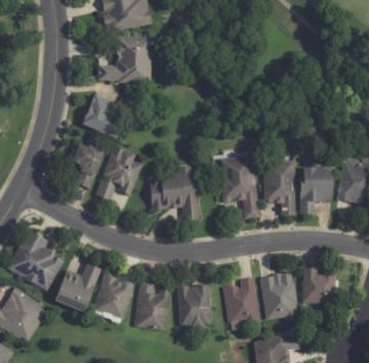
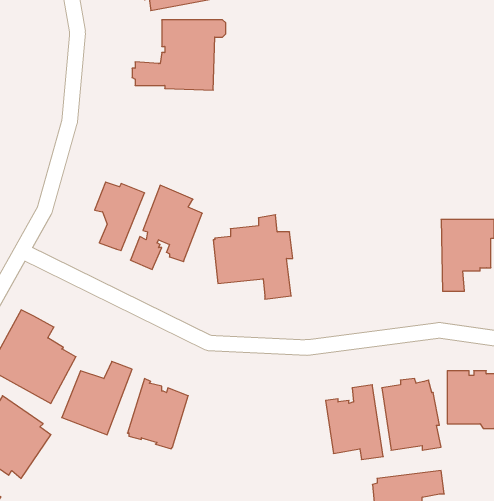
building: [83,93,125,138] -> none
building: [215,153,255,217] -> none
building: [264,160,296,215] -> none
building: [134,281,170,330] -> none
building: [177,285,212,329] -> none

